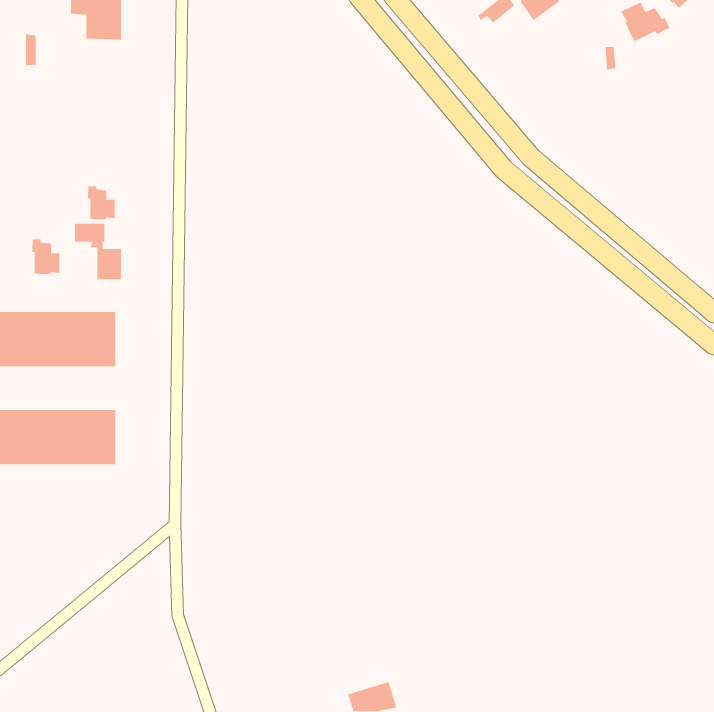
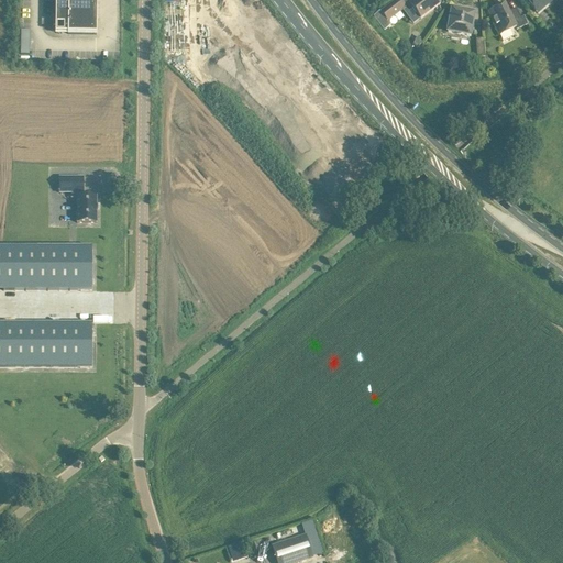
building: none -> [446,7,473,33]
building: [87,186,115,220] -> none
building: [31,239,60,275] -> none

